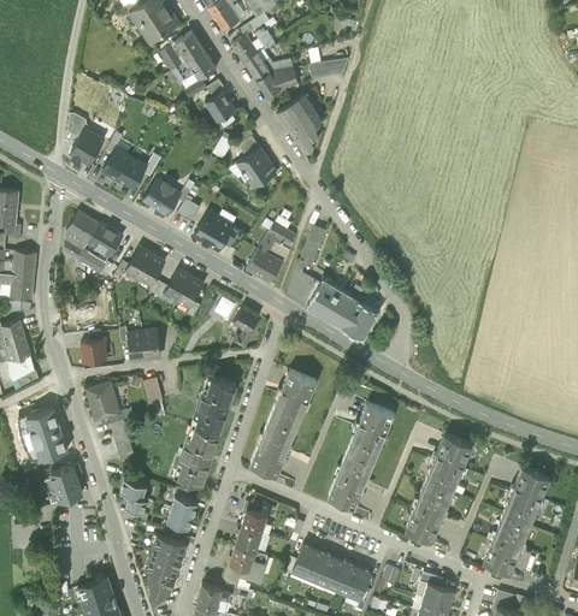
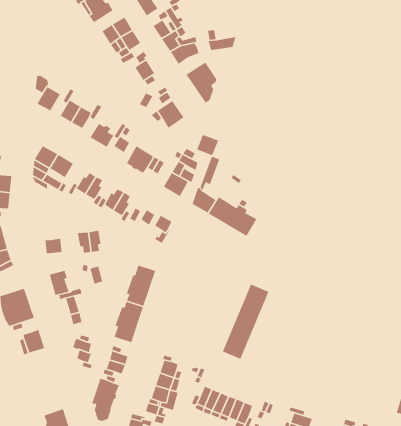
building: none -> [196,134,219,156]
building: [250,371,317,476] -> none
building: [406,436,472,541] -> none
building: [484,468,550,574] -> none

